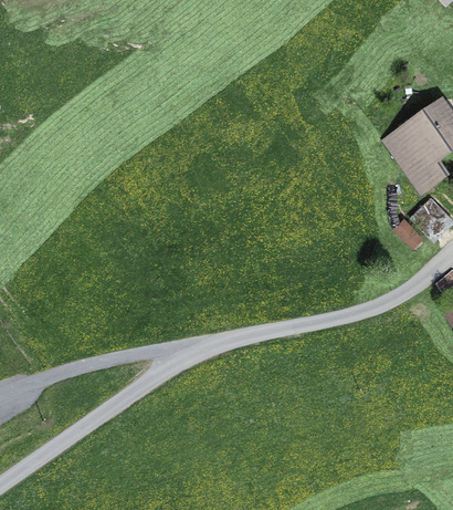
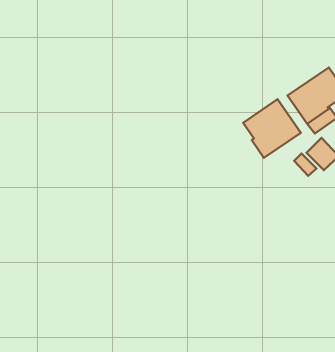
building: none -> [243,99,301,158]

